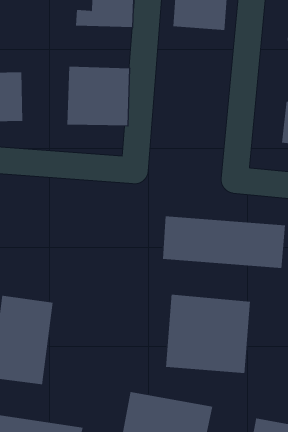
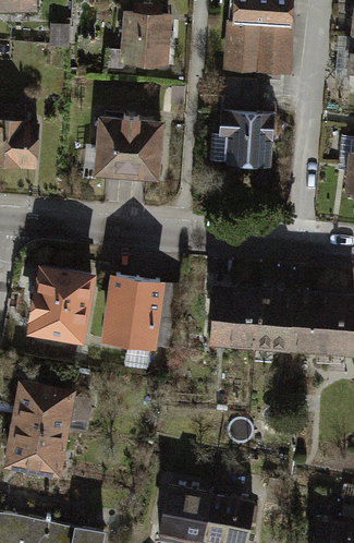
building: none -> [213,105,278,174]
building: none -> [29,273,100,343]
building: none -> [105,278,163,349]
building: [166,294,250,374] -> none

